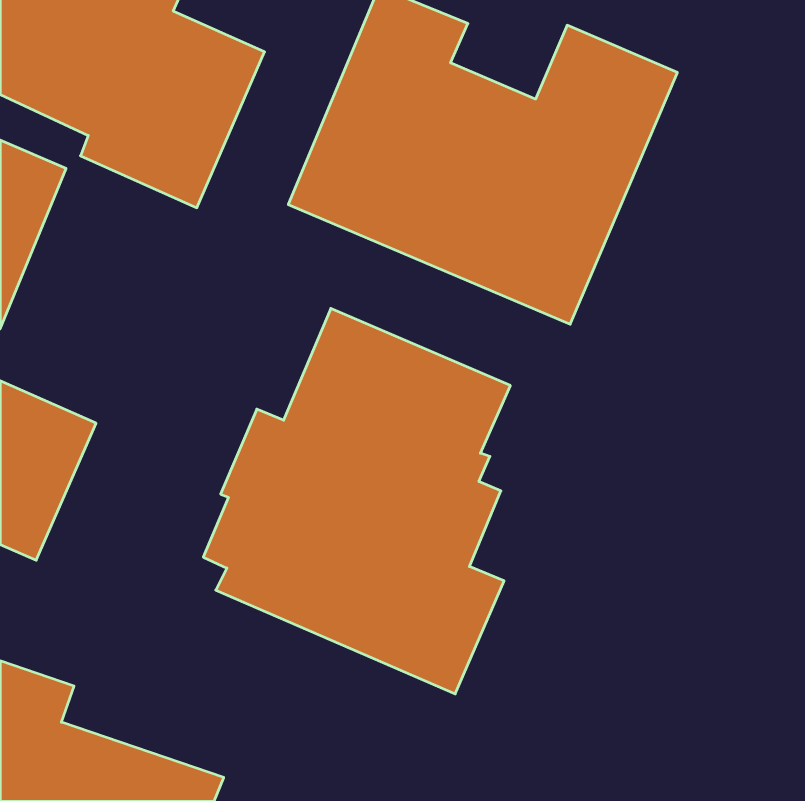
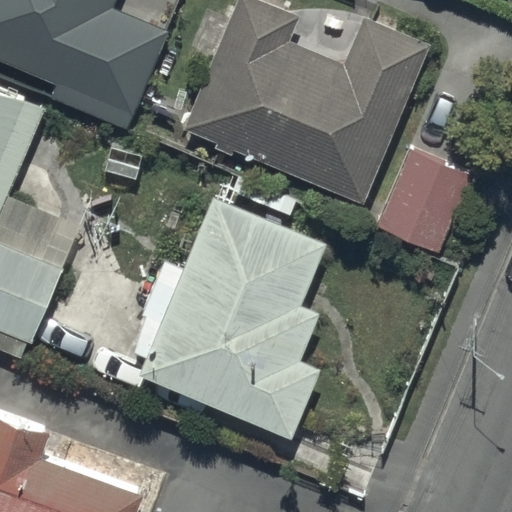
building: none -> [375,140,472,252]

